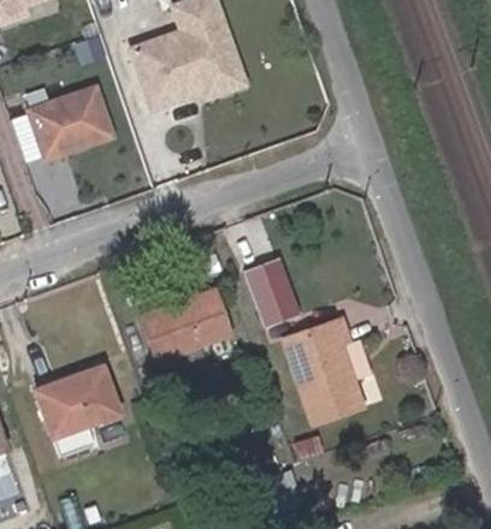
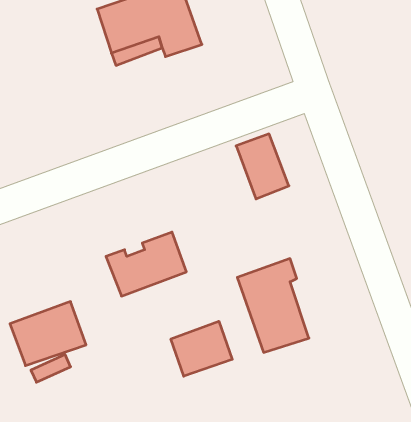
building: [30,87,111,156] -> none
building: [247,252,304,323] -> [236,134,289,199]
building: none -> [171,321,232,376]

